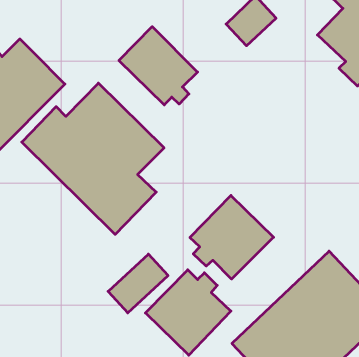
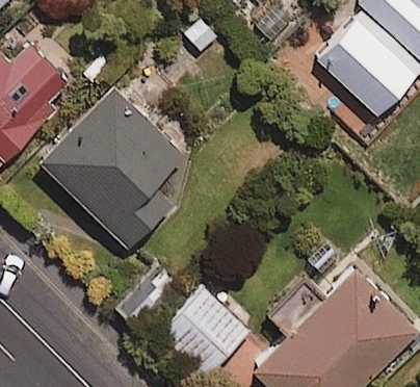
building: [119,27,198,105] -> none
building: [190,195,274,279] -> none

